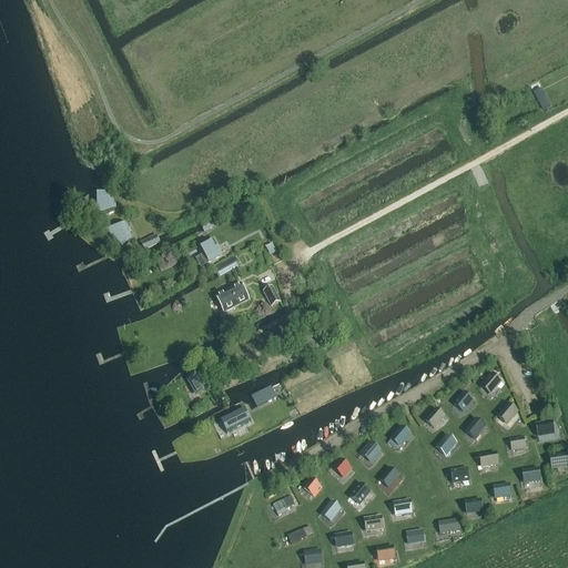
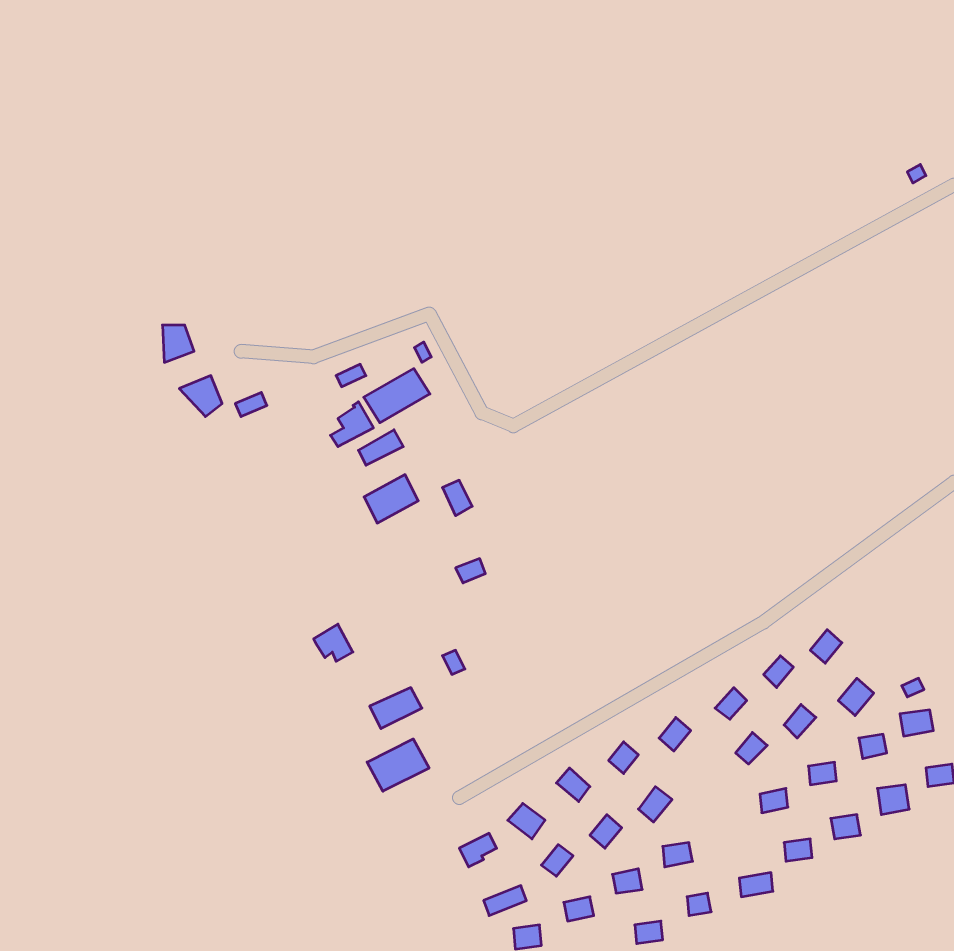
building: none -> [364,369,430,423]
building: none -> [367,739,429,791]

